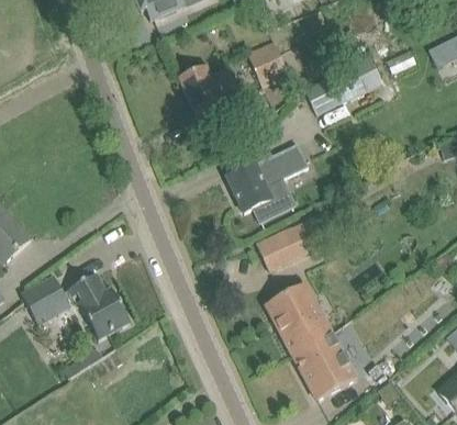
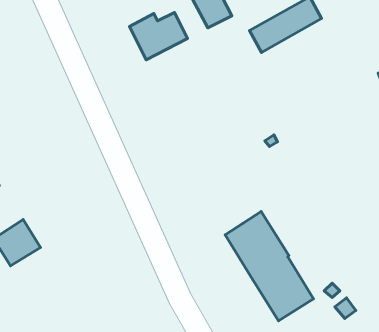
building: [227,143,309,222] -> none
building: [257,226,304,270] -> none
building: [68,275,130,339] -> none

